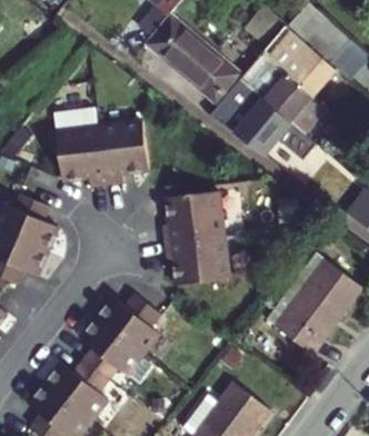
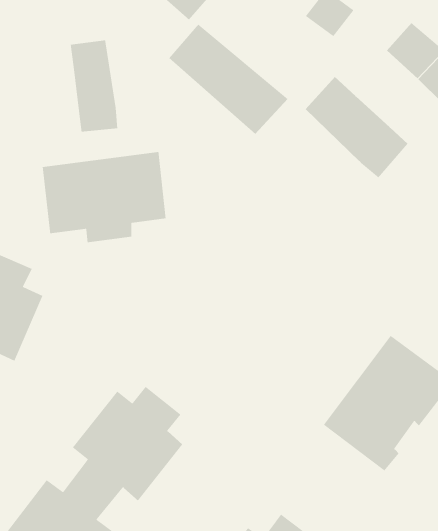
building: [267,27,338,99] -> none
building: none -> [70,40,118,132]
building: [208,78,318,162] -> none
building: [162,188,229,284] -> none

